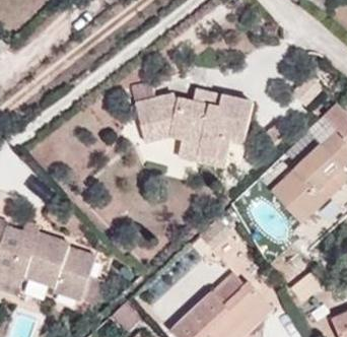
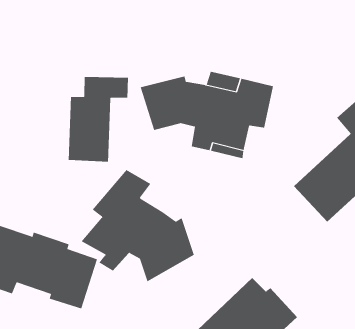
building: none -> [68,76,128,162]
building: none -> [81,169,195,282]

